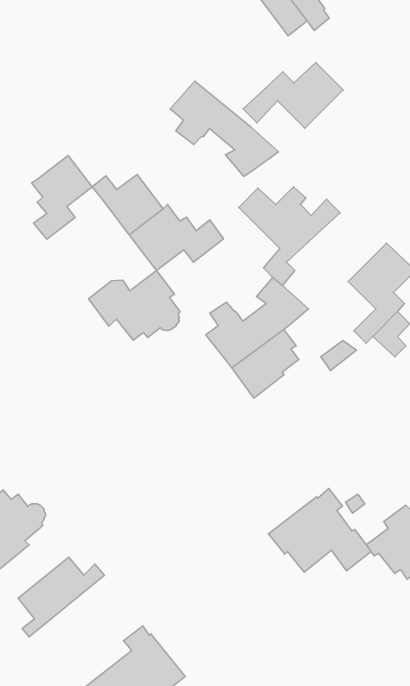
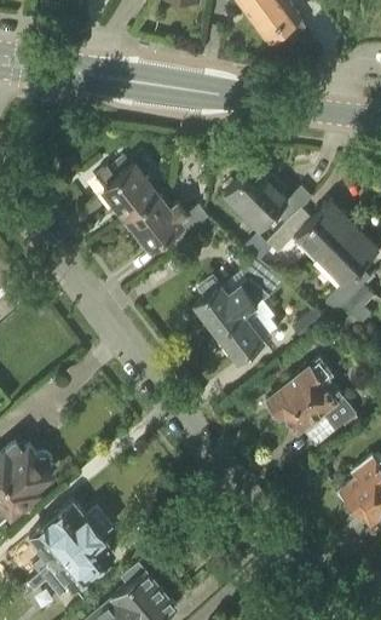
building: [243,62,343,128] -> [265,202,353,260]
building: [170,81,278,176] -> none
building: [32,155,92,239] -> none
building: [88,270,180,340] -> none
building: [268,488,371,572] -> [265,361,356,435]
building: none -> [27,519,114,599]

